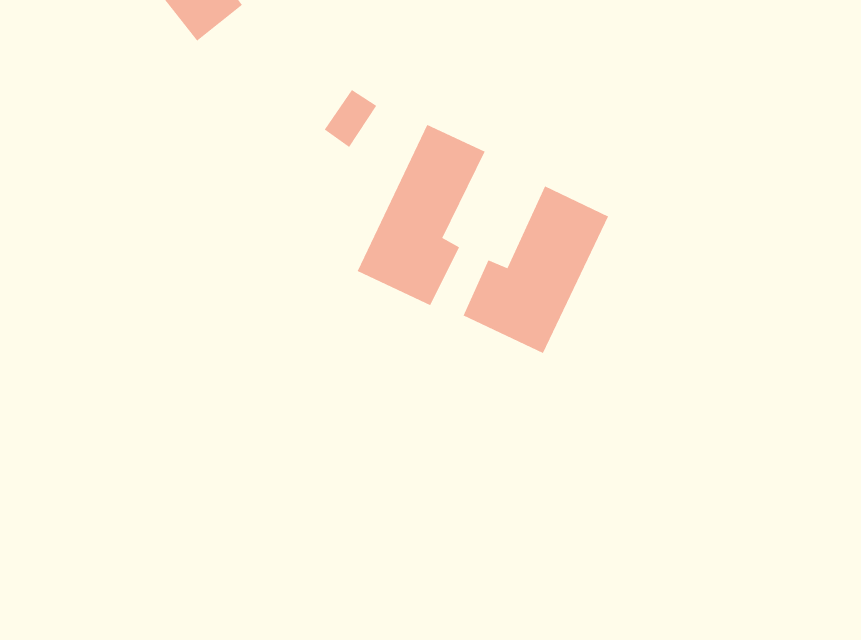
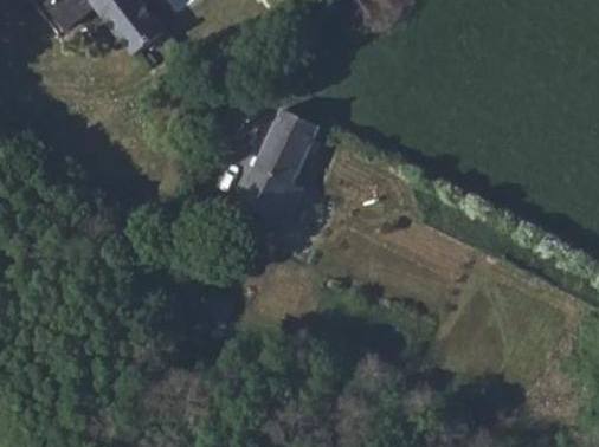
building: [463,185,609,354] -> none

